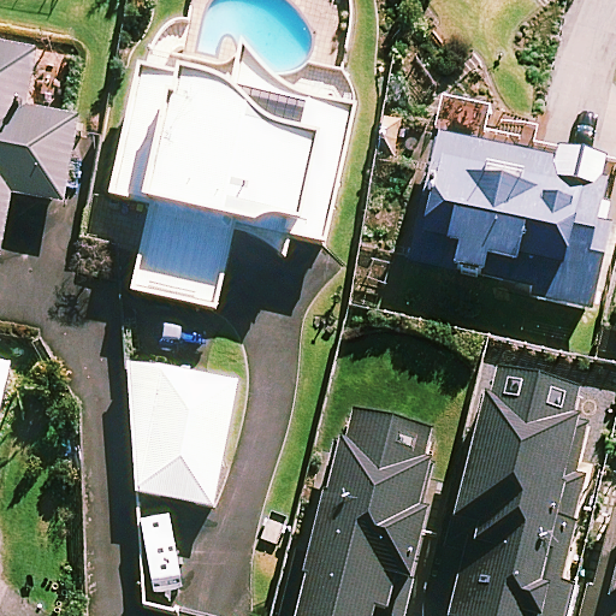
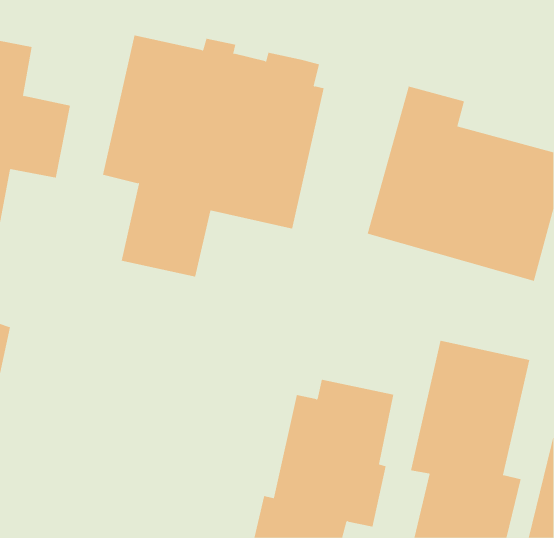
building: [128,353,236,502] -> none

